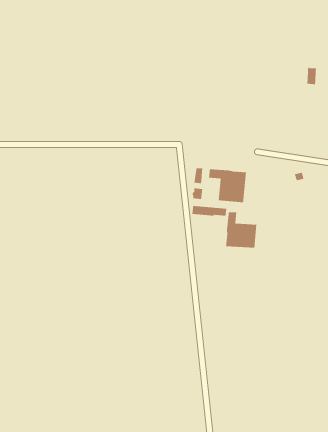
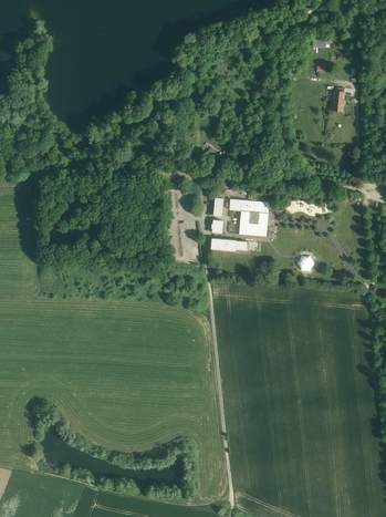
building: [225,211,257,249] -> none

